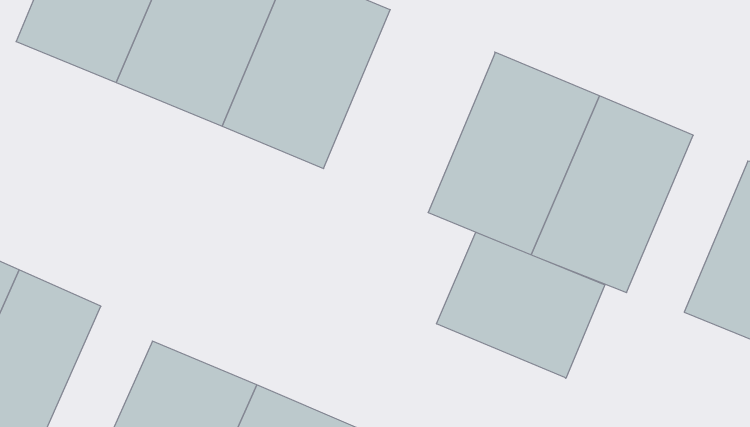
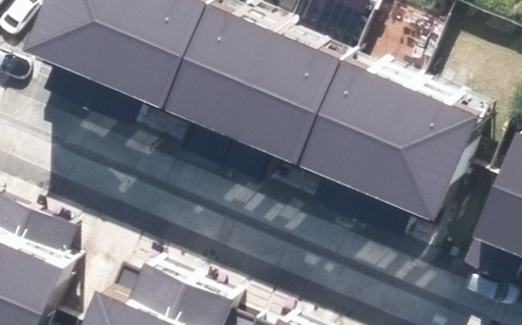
building: none -> [230,32,346,168]
building: [437,232,605,378] -> none

